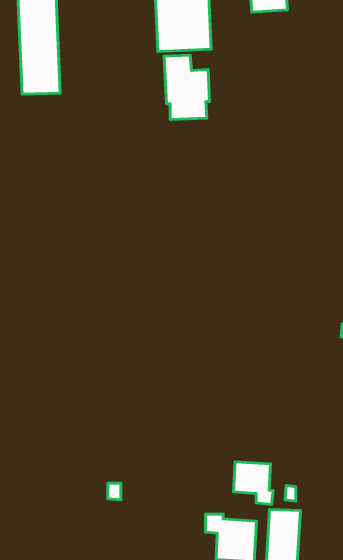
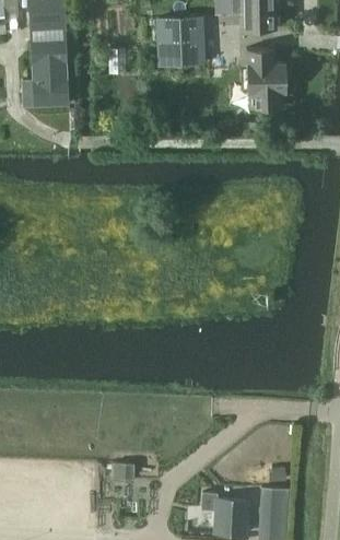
building: [164,55,209,119] -> [245,50,286,109]
building: [233,462,273,505] -> none

